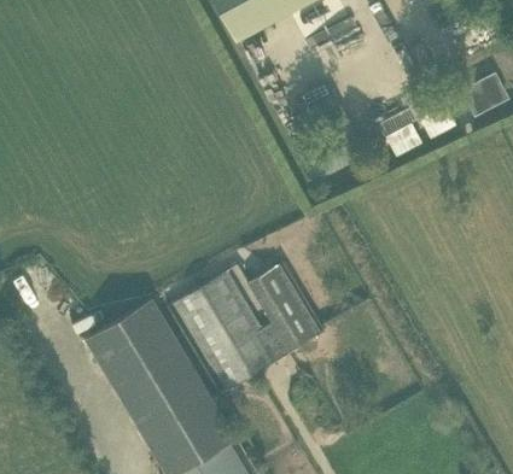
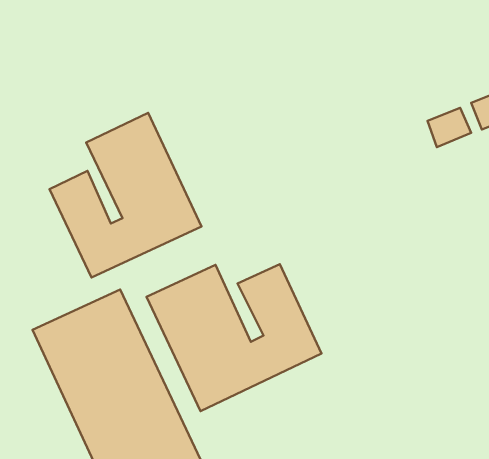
building: none -> [49,113,202,277]

